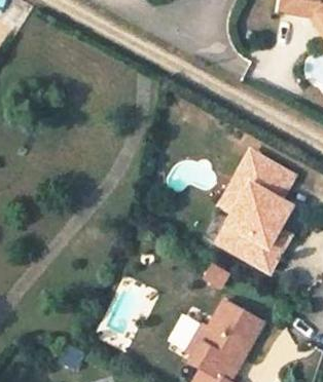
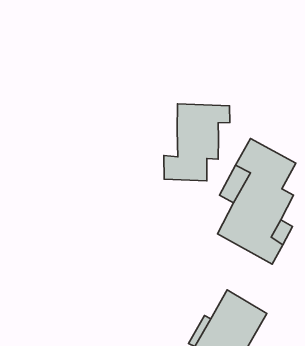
building: none -> [164,104,230,181]

